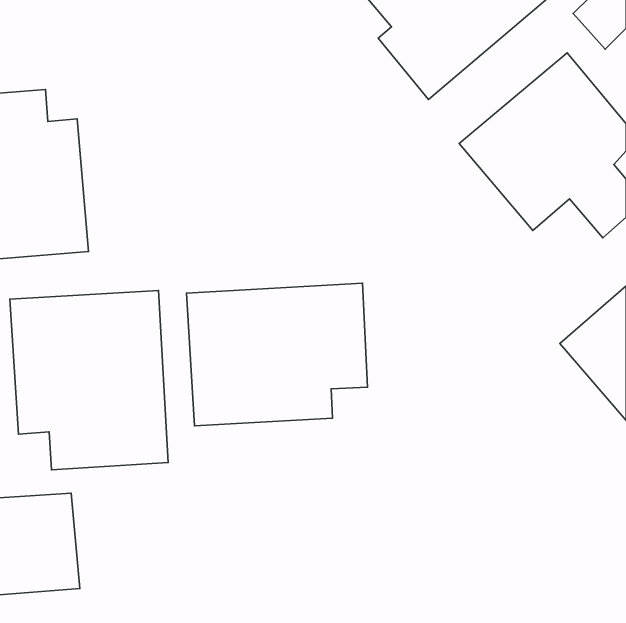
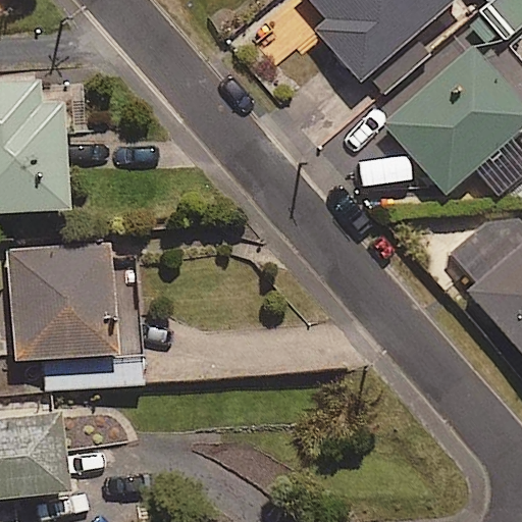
building: [187,283,368,426] -> none

